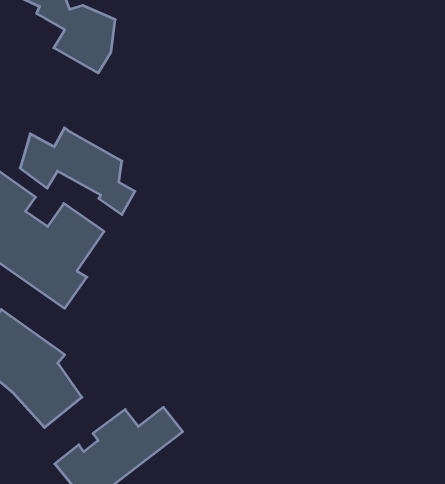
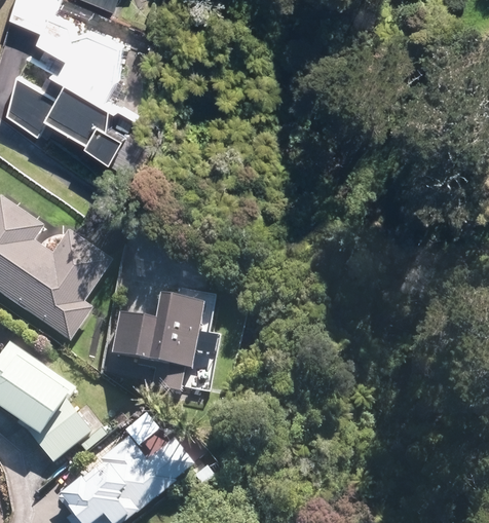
building: [20,128,135,215] -> [9,71,126,159]
building: none -> [113,296,202,390]

